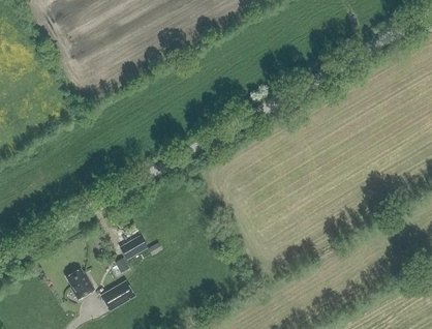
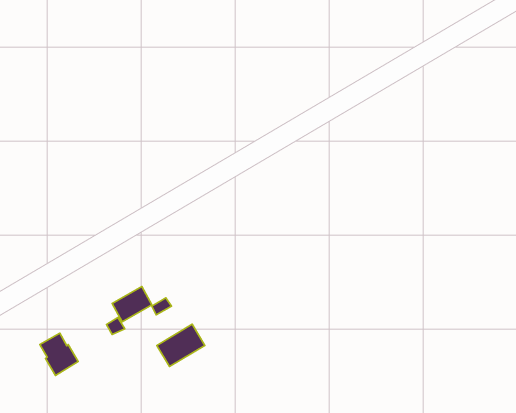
building: [100,279,135,310] -> [157,324,205,367]

